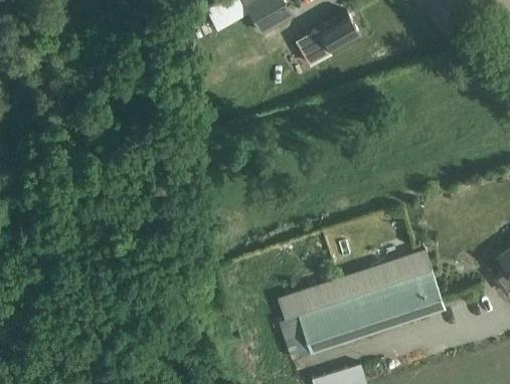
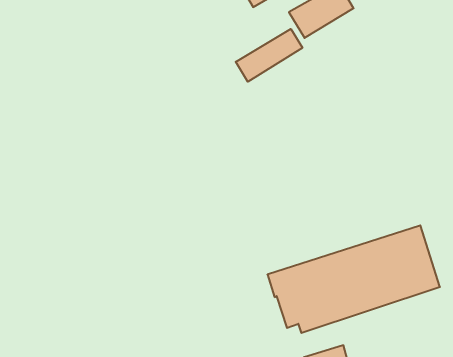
building: none -> [236,29,302,82]

